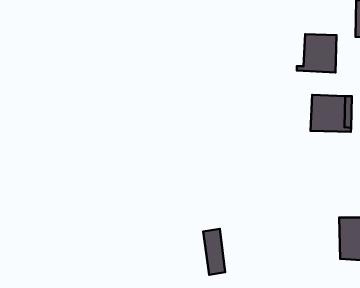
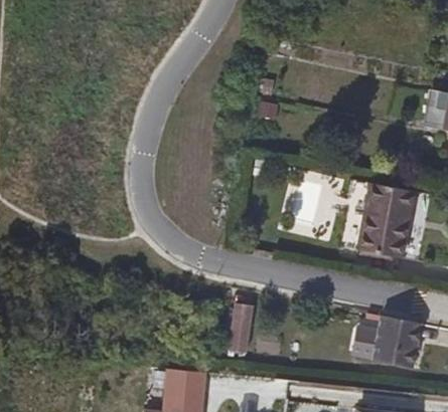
building: [297,34,337,72] -> none
building: none -> [356,220,405,256]

